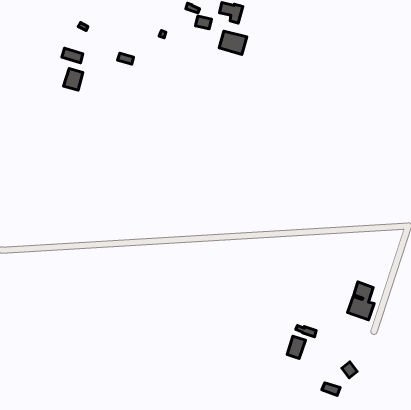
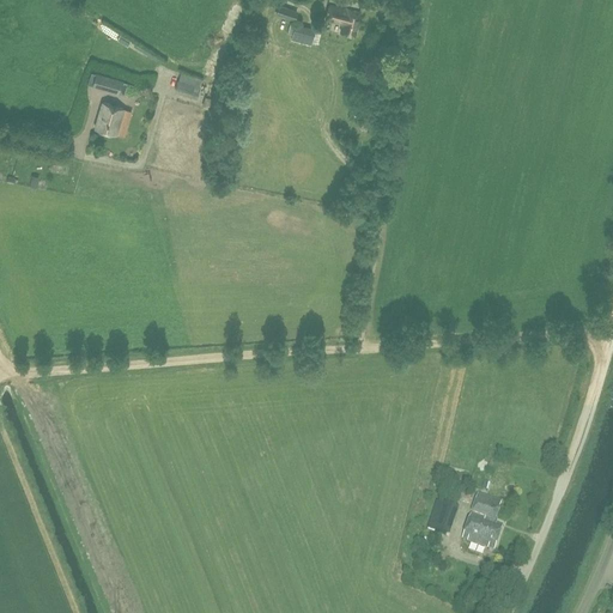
building: [219,31,247,54] -> none
building: [348,282,374,320] -> [462,492,502,548]

